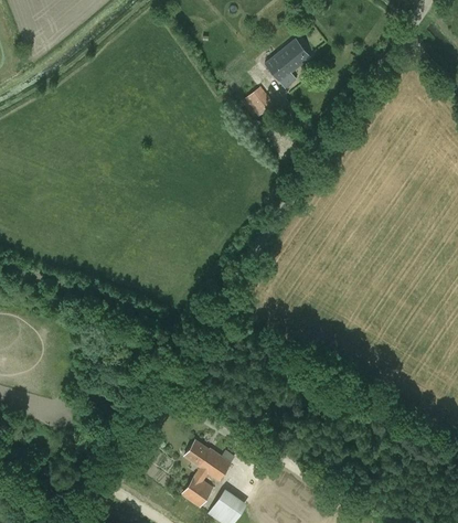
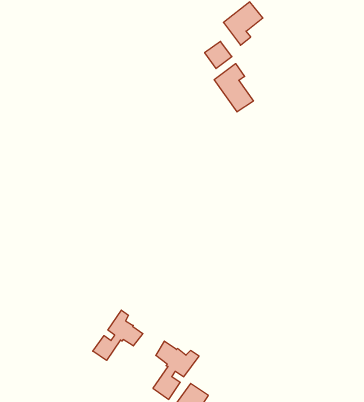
building: none -> [214,64,253,112]
building: none -> [93,310,143,360]

